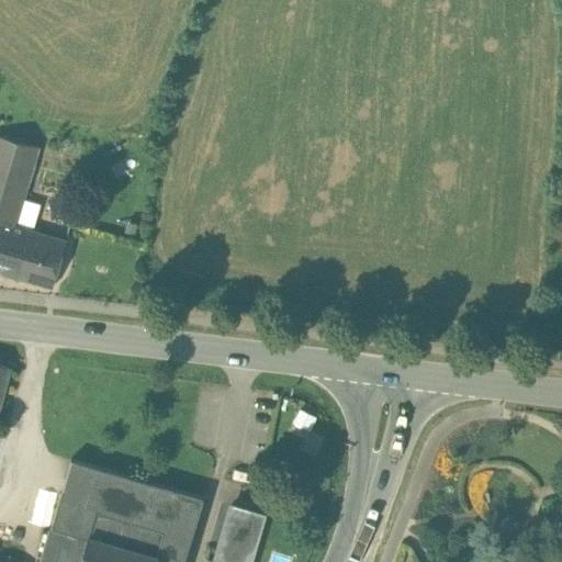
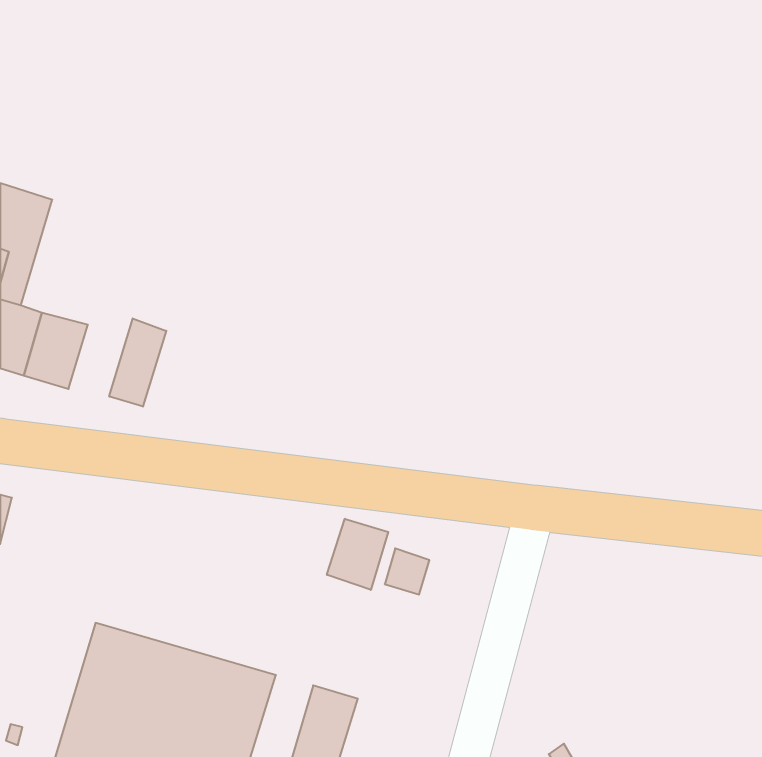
building: none -> [109,318,166,407]
building: none -> [327,519,388,590]

